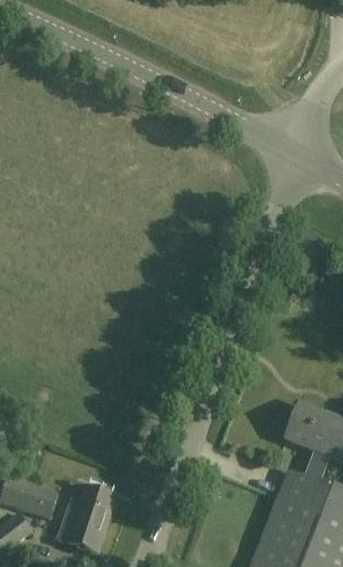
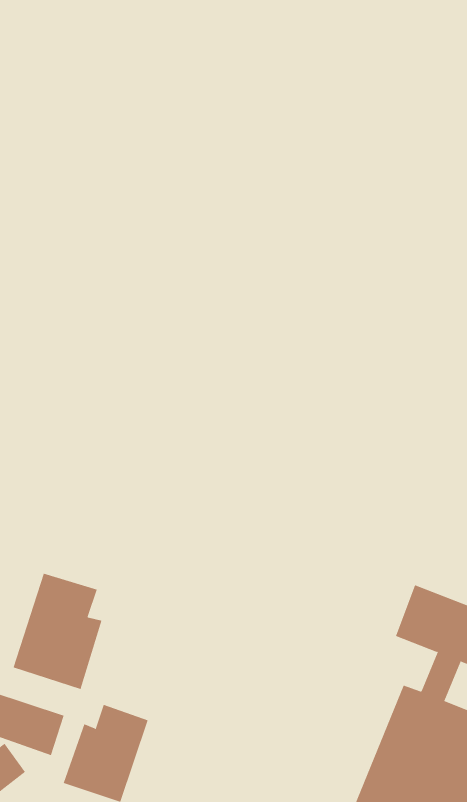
building: none -> [13,573,102,690]

